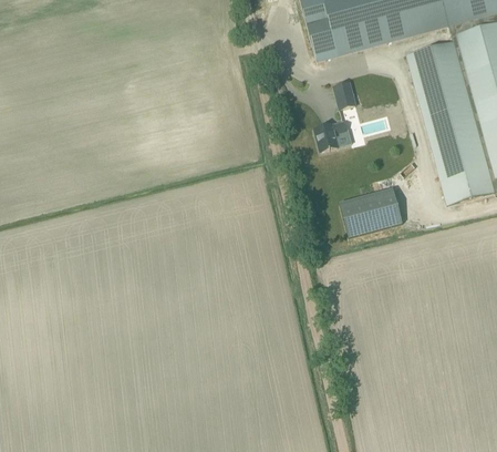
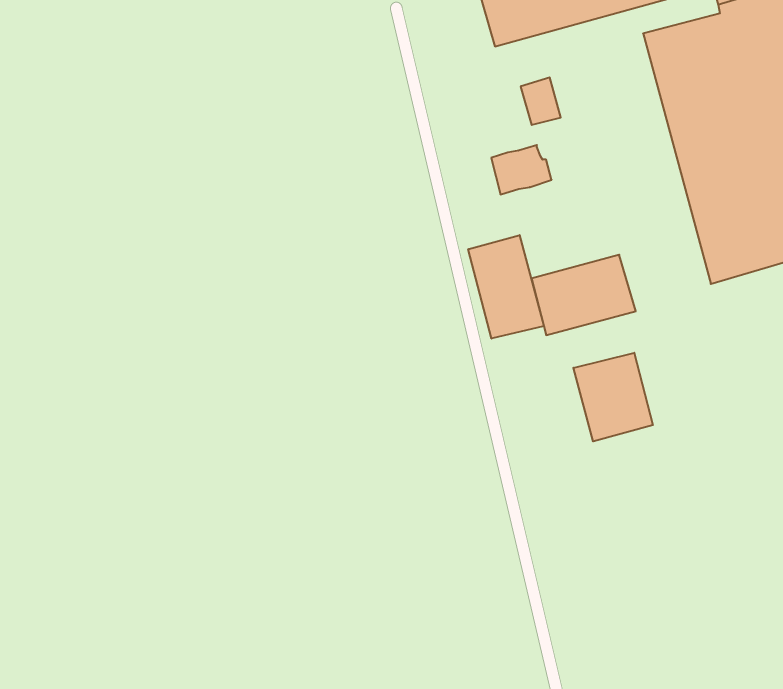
building: none -> [468,235,544,339]
building: none -> [573,353,653,441]

